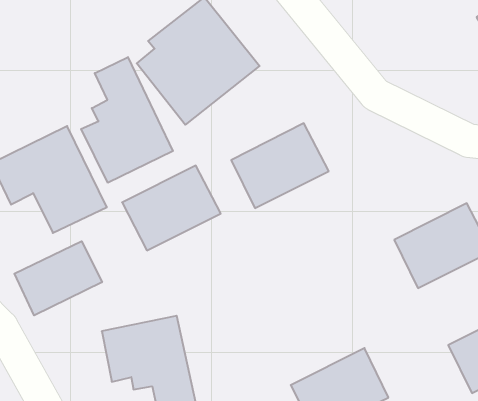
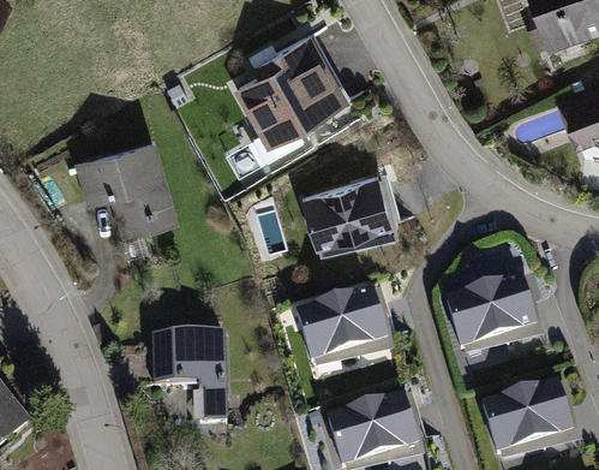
building: [81,57,173,183] -> none
building: [122,166,221,250] -> [300,287,391,359]
building: [14,241,102,315] -> none

